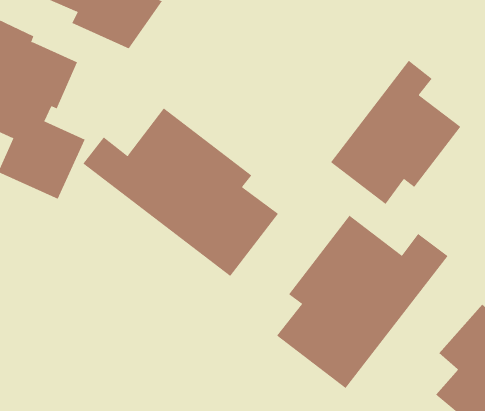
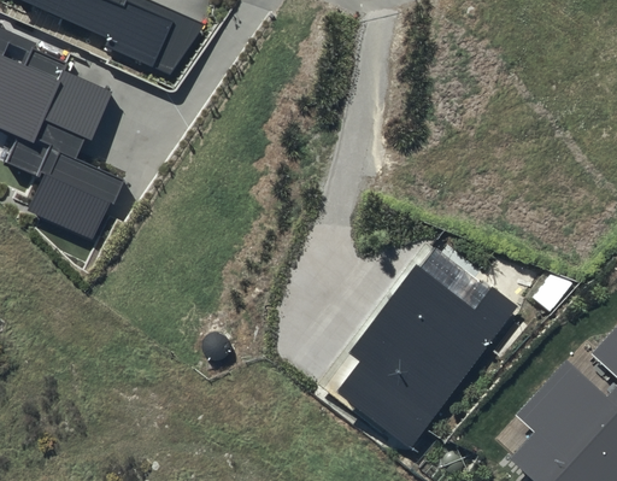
building: [330,60,461,205] -> none
building: [82,108,279,277] -> none

